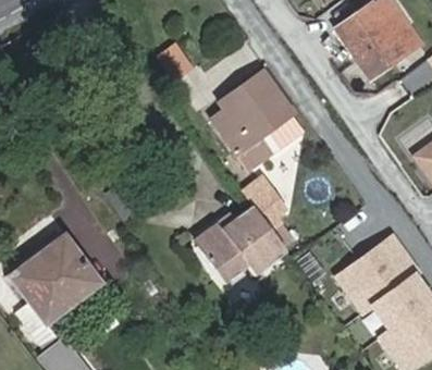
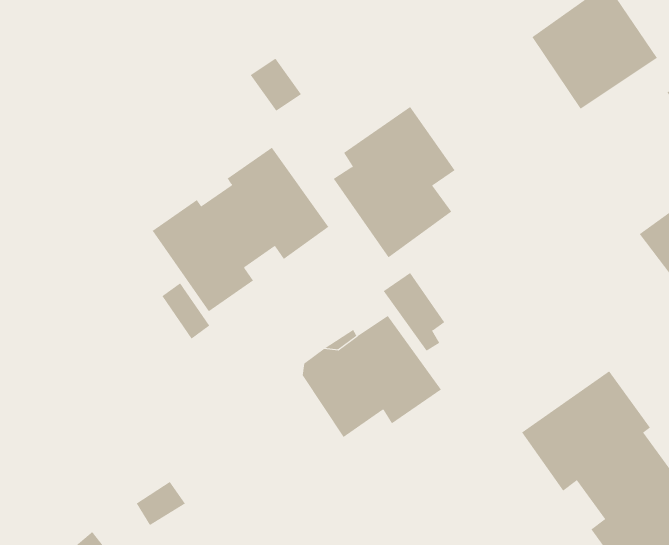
building: none -> [152,147,329,312]
building: [13,236,98,331] -> none

